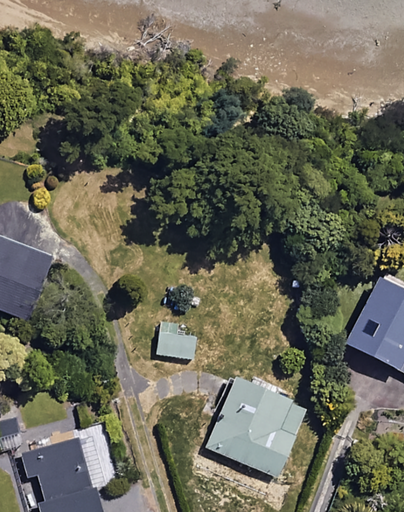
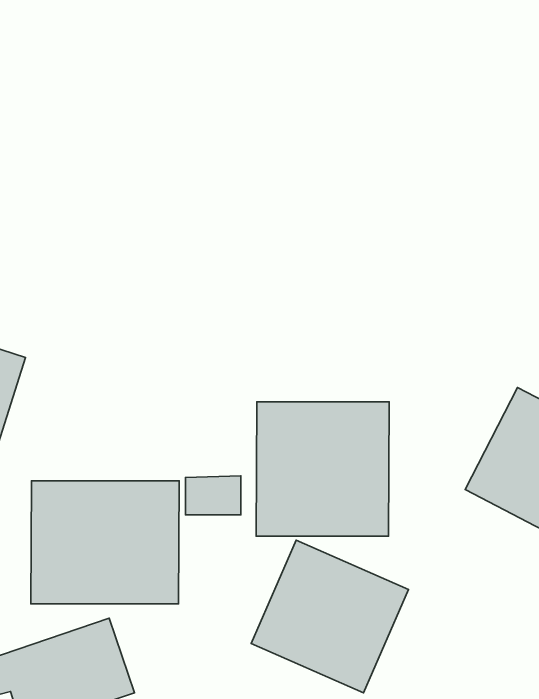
building: none -> [256,402,389,536]
building: none -> [31,481,179,604]

